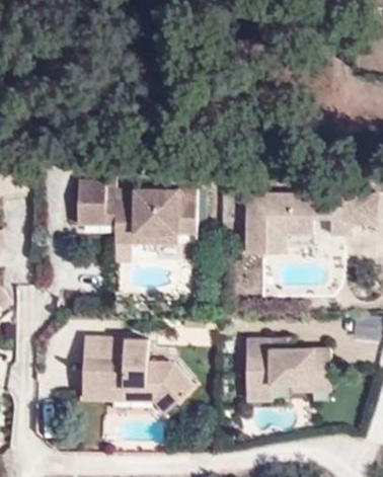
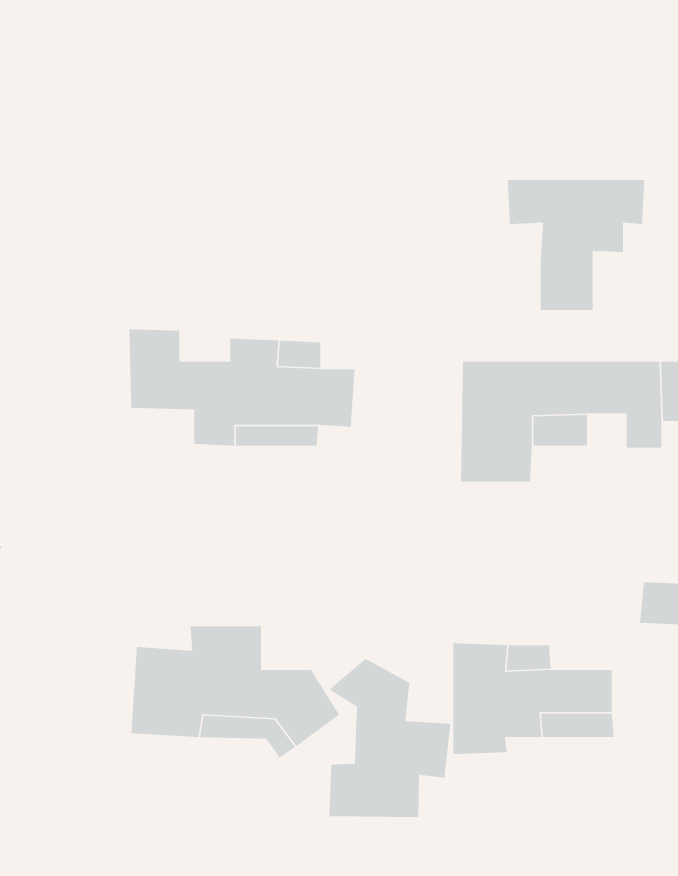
building: none -> [507,179,645,311]
building: none -> [329,658,451,818]

